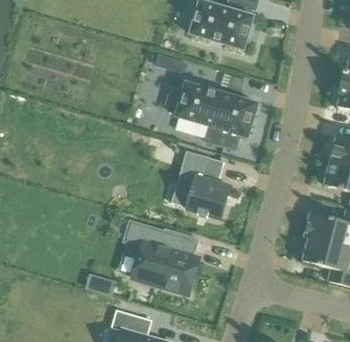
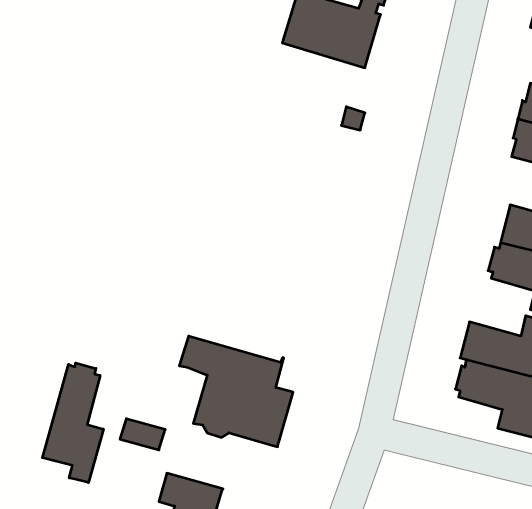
building: [164,81,256,148] -> none
building: [177,149,229,217] -> none
building: none -> [42,363,103,483]

